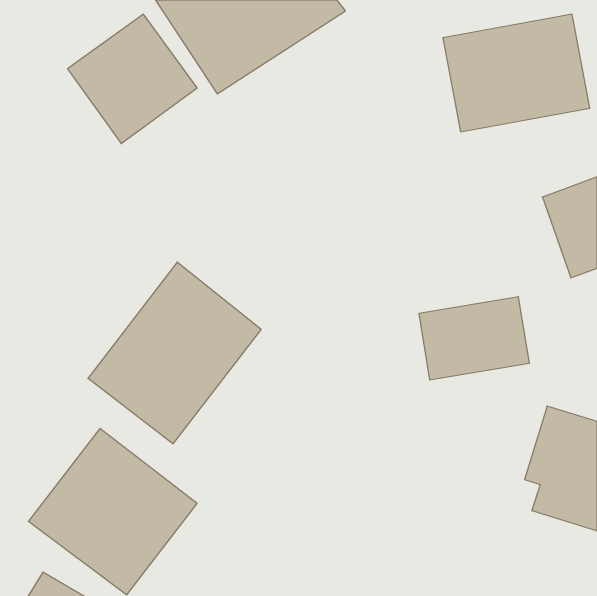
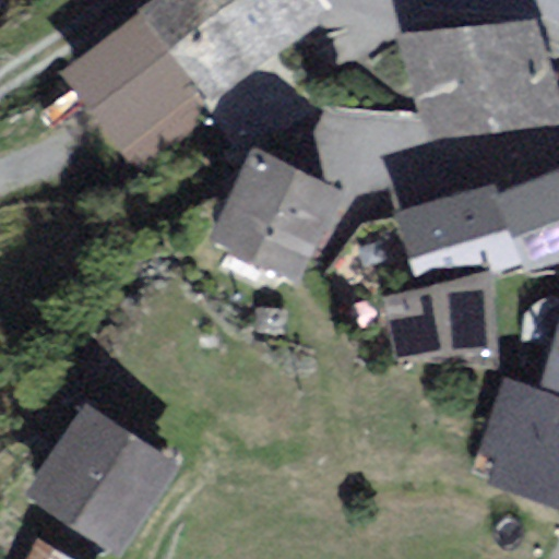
building: none -> [213,155,326,272]
building: none -> [397,194,492,276]
building: [88,262,261,444] -> none

